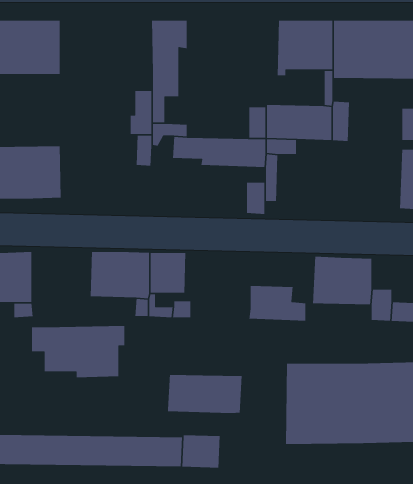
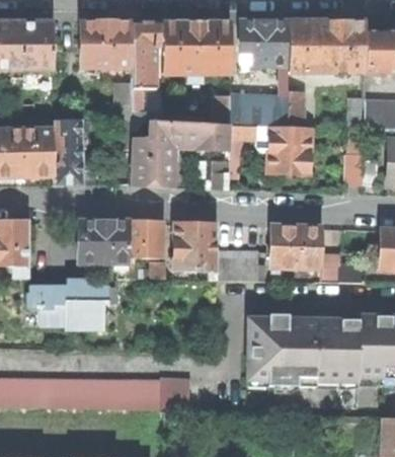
building: none -> [80,21,132,72]
building: none -> [162,21,231,83]
building: none -> [53,119,81,185]
building: none -> [267,129,310,173]
building: none -> [132,141,174,187]
building: none -> [173,222,217,271]
building: [167,374,242,414] -> none

